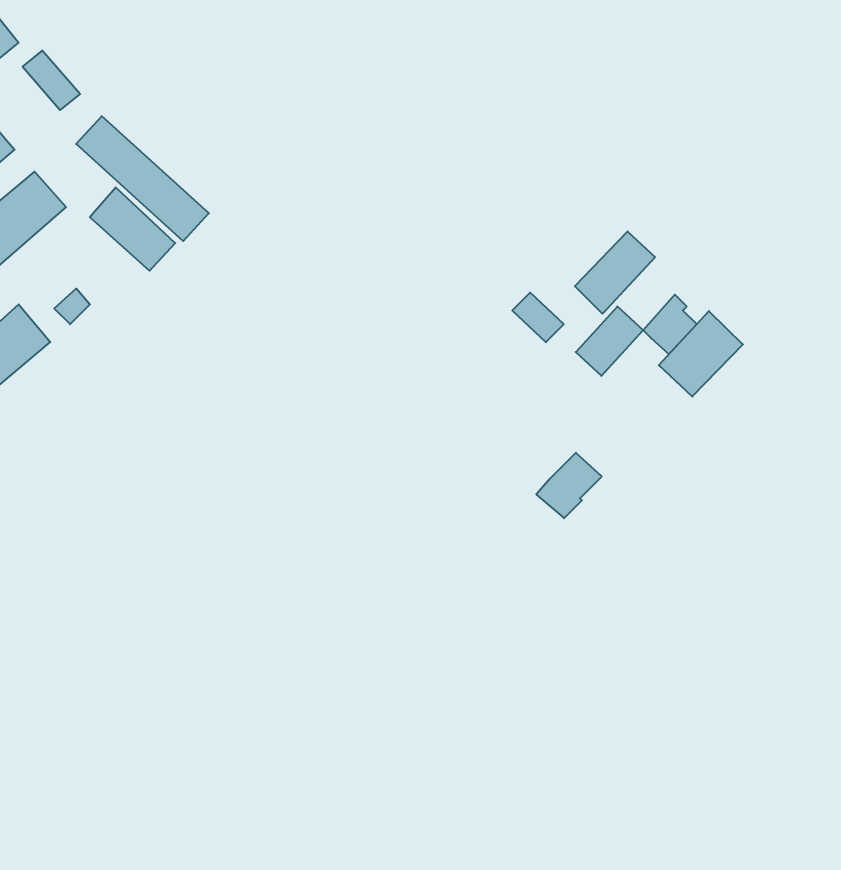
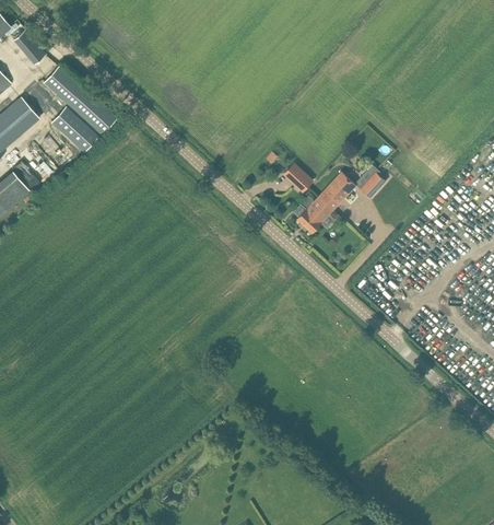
building: [575,231,655,314] -> none
building: [659,311,743,397] -> none
building: [536,453,602,518] -> [297,197,333,233]

